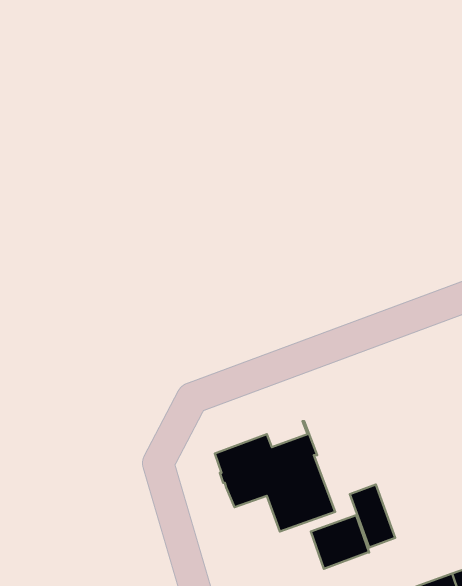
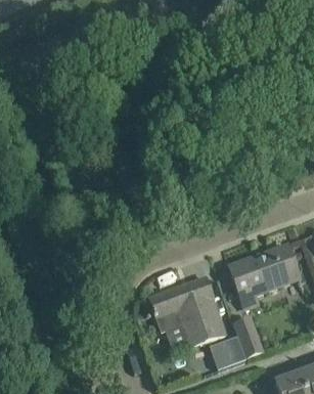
building: none -> [229,245,299,306]

